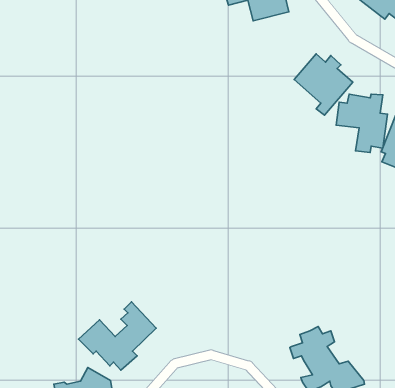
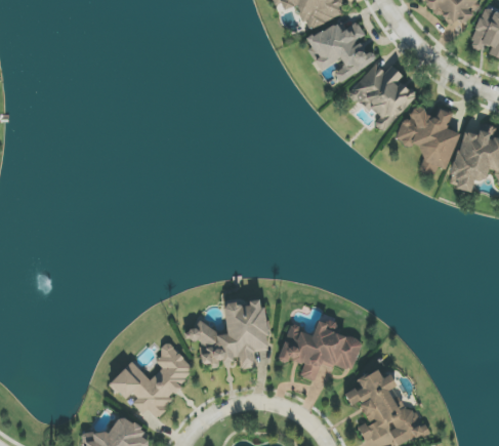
building: none -> [304,18,374,82]
building: none -> [185,299,267,367]
building: none -> [278,322,363,380]

